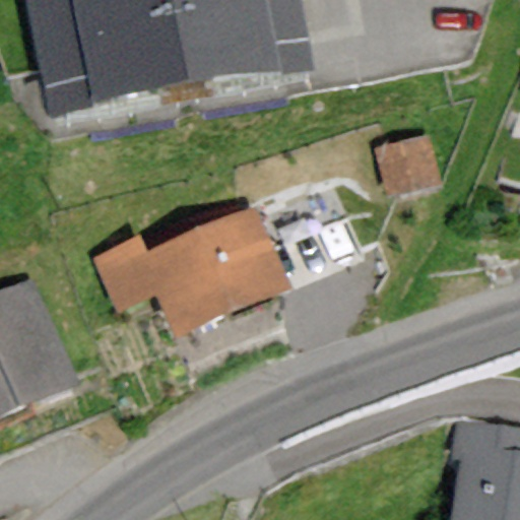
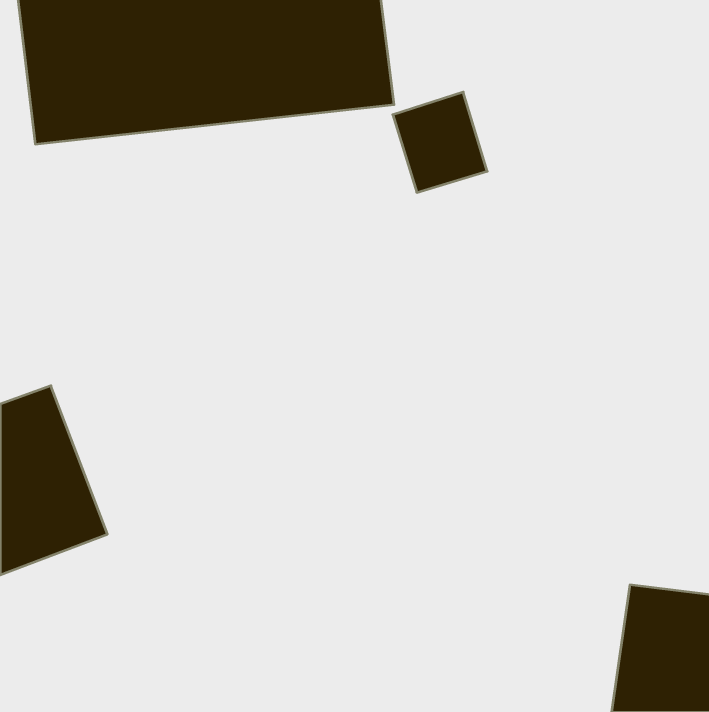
building: [372,122,440,194] -> [393,92,487,192]
building: [89,205,287,348] -> none

